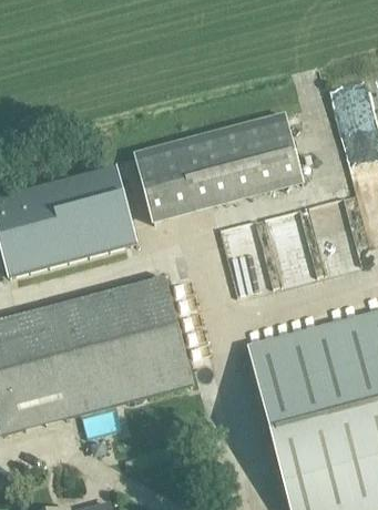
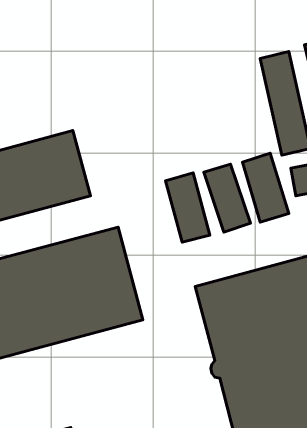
building: [136,112,305,222] -> none

